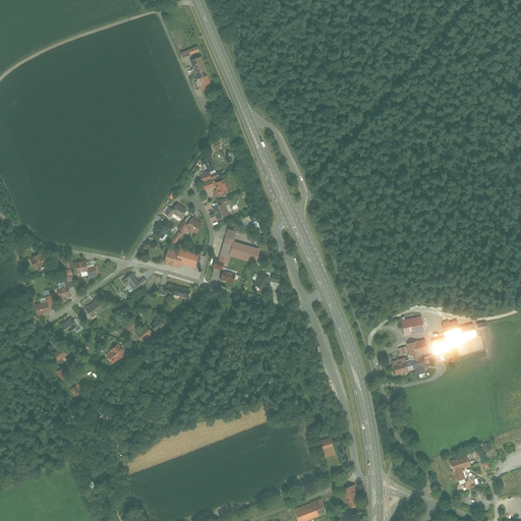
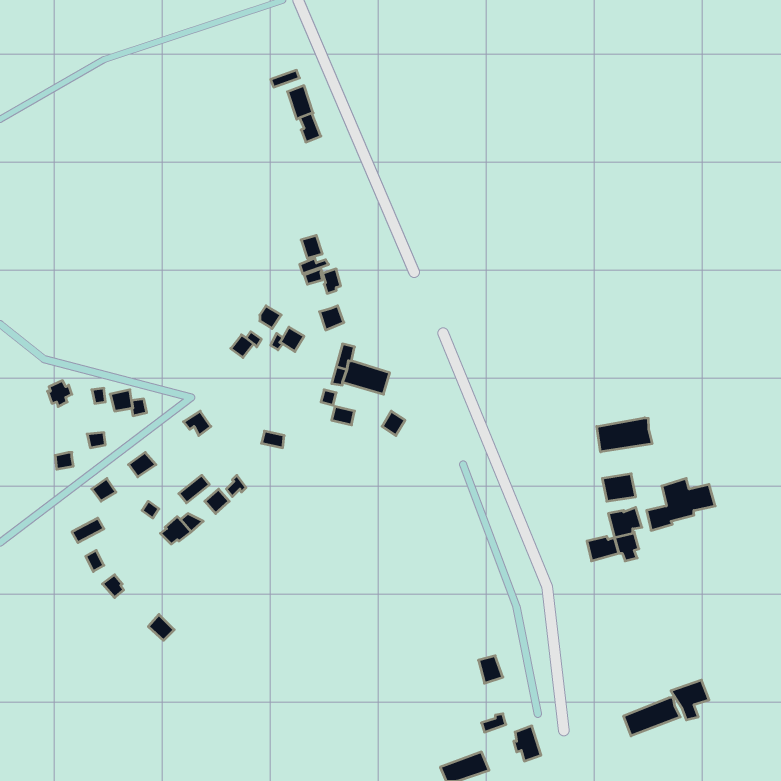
building: [165,247,199,268] -> none
building: none -> [597,418,652,452]
building: none -> [624,697,680,736]

